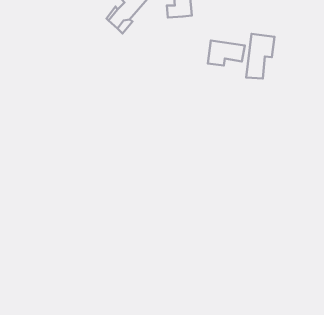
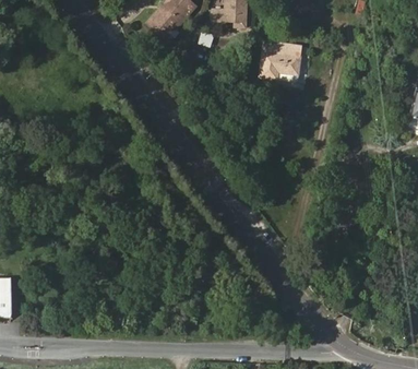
building: [246,34,275,79] -> none

